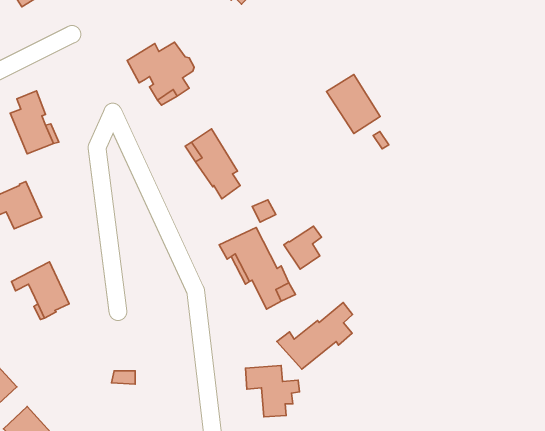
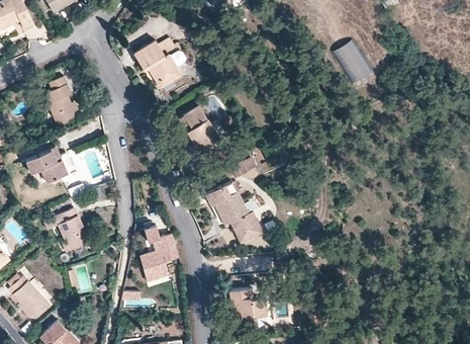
building: [326,74,380,134] -> [334,39,375,85]
building: [284,226,322,269] -> none
building: none -> [140,227,180,282]
building: [277,303,353,369] -> none

